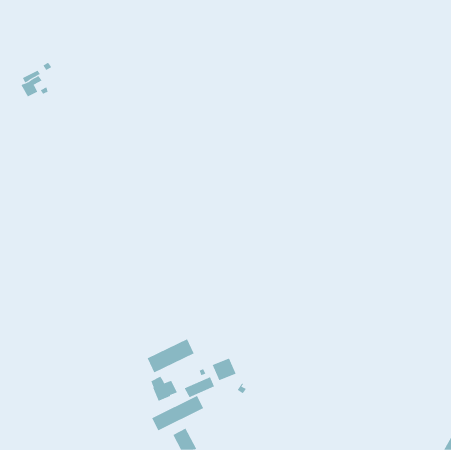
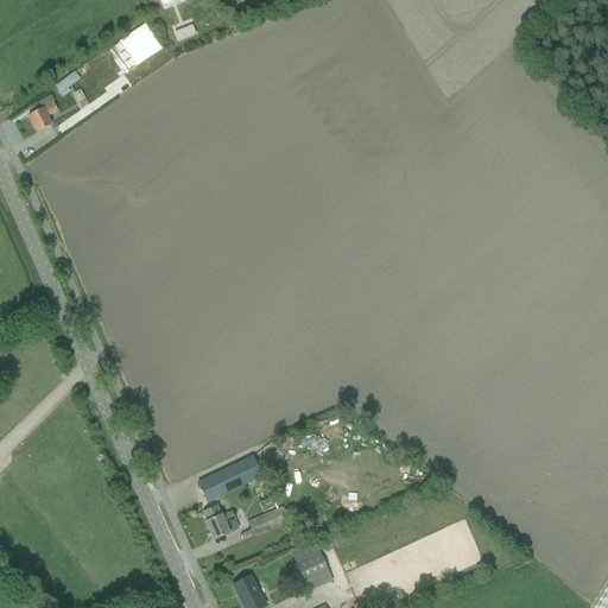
building: [212,358,237,381] -> [296,549,329,580]
building: [152,395,204,431] -> none

